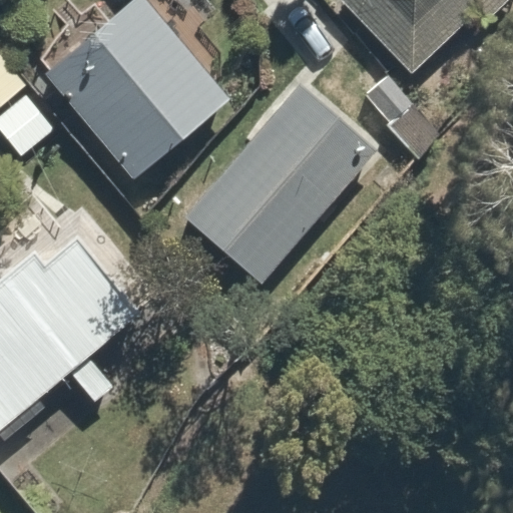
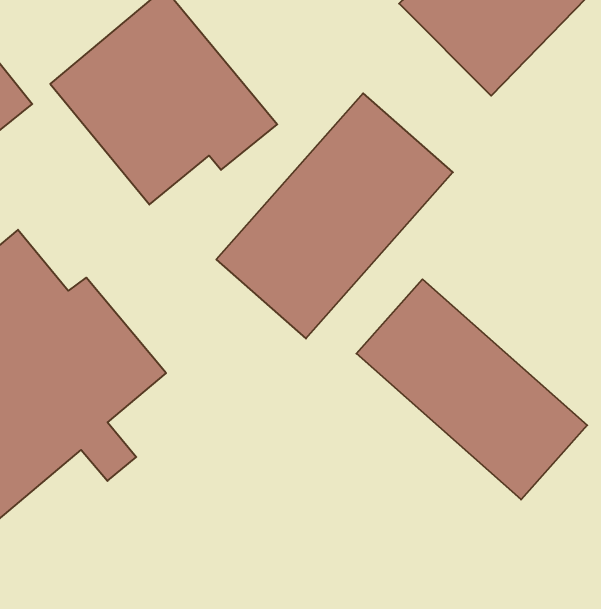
building: none -> [356,279,587,500]

